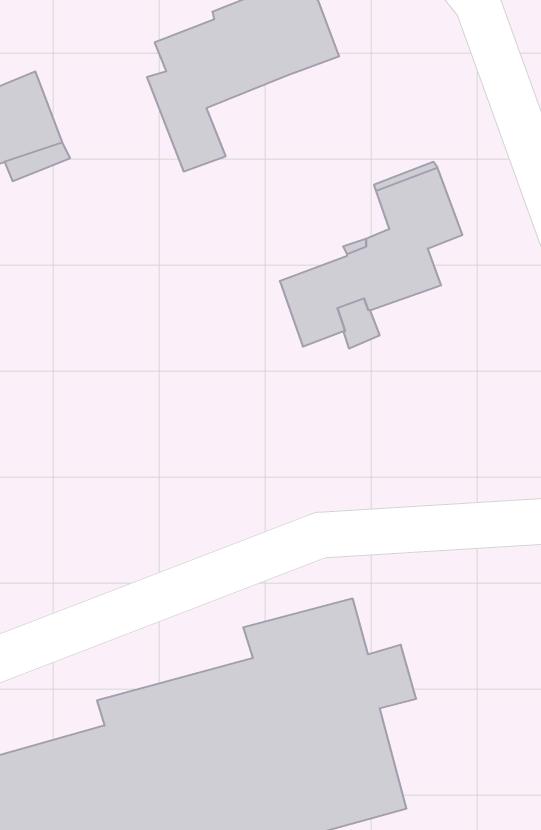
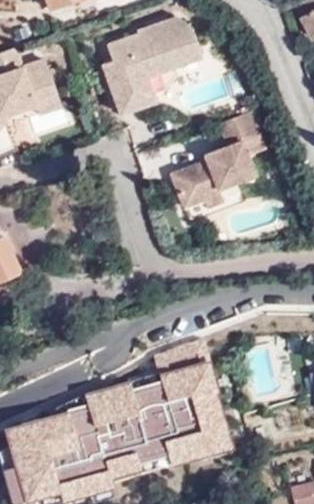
building: none -> [131,67,177,109]

